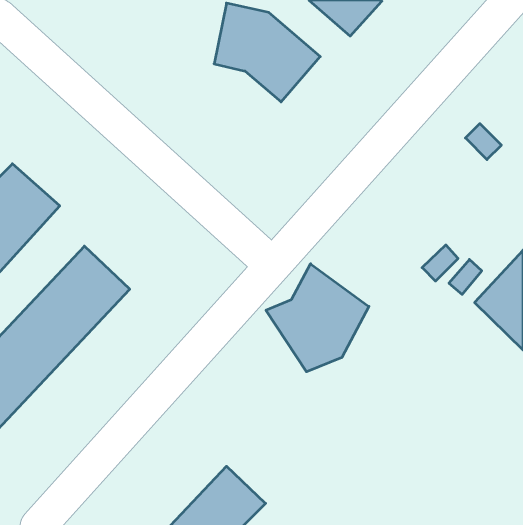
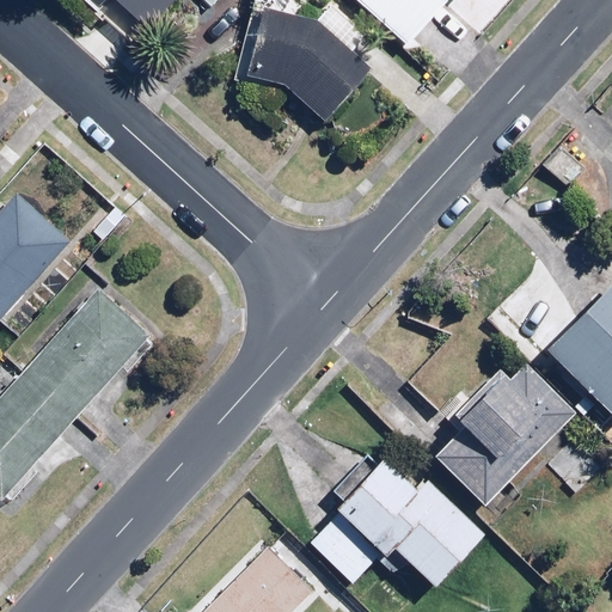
building: [266,264,369,372] -> none
building: none -> [435,363,576,506]
building: none -> [310,451,478,589]

